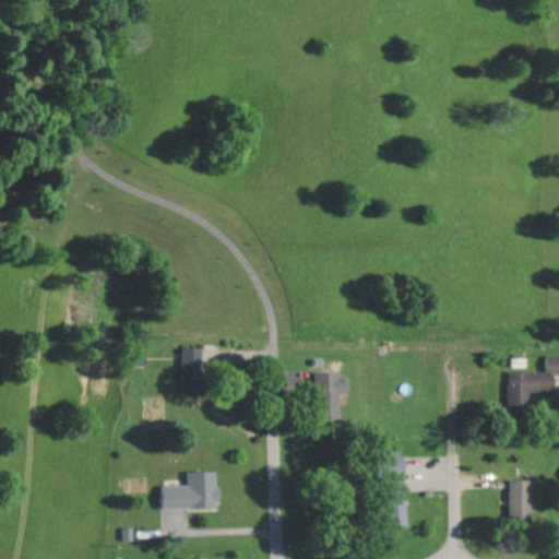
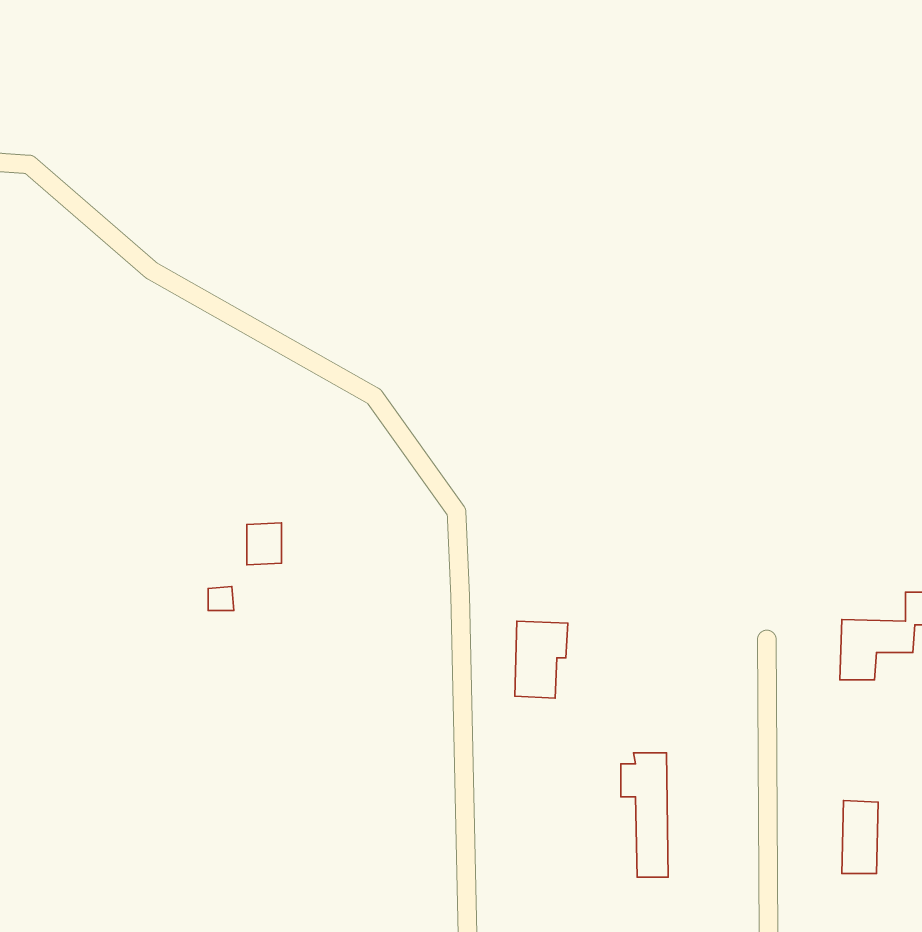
building: [182,347,203,372] -> [247,523,282,565]
building: [162,472,217,509] -> none

